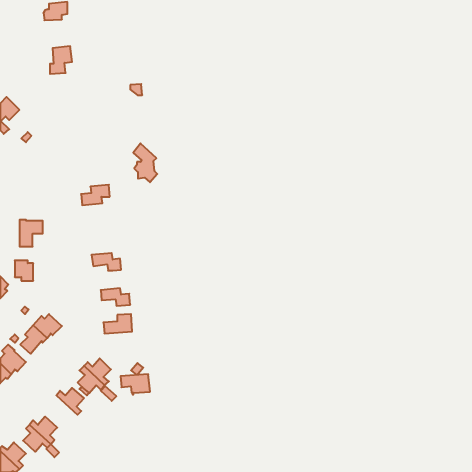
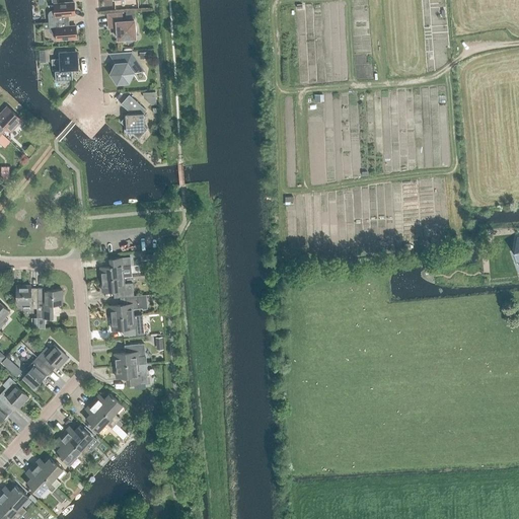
building: none -> [107,13,136,40]
building: none -> [49,21,76,41]
building: none -> [110,54,142,82]
building: [133,143,157,182] -> [121,94,147,137]
building: [81,185,110,205] -> [99,257,131,280]
building: [20,220,43,247] -> [36,289,62,318]
building: none -> [109,295,147,318]
building: [121,374,150,395] -> [115,364,147,386]
building: none -> [55,434,85,463]

